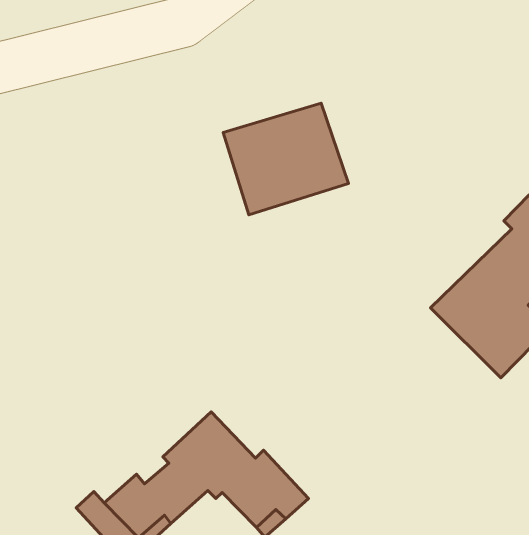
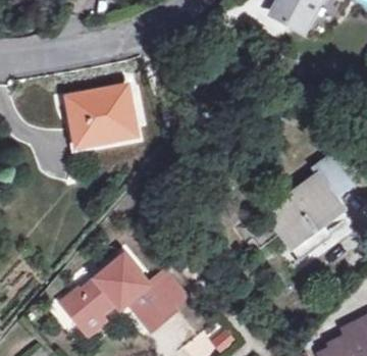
building: [223,103,349,215] -> [72,78,141,137]

